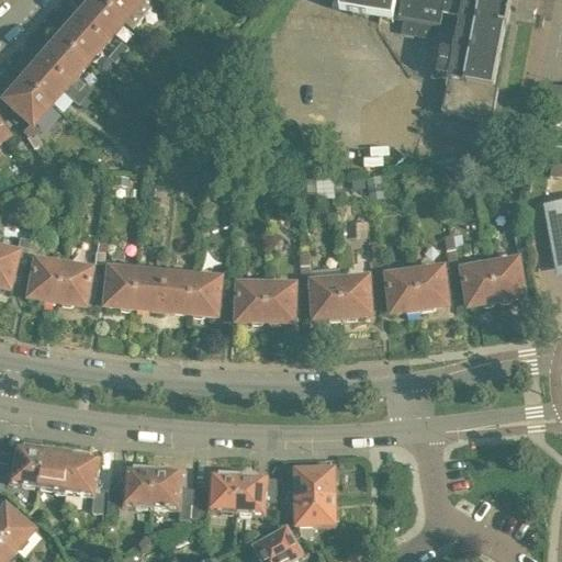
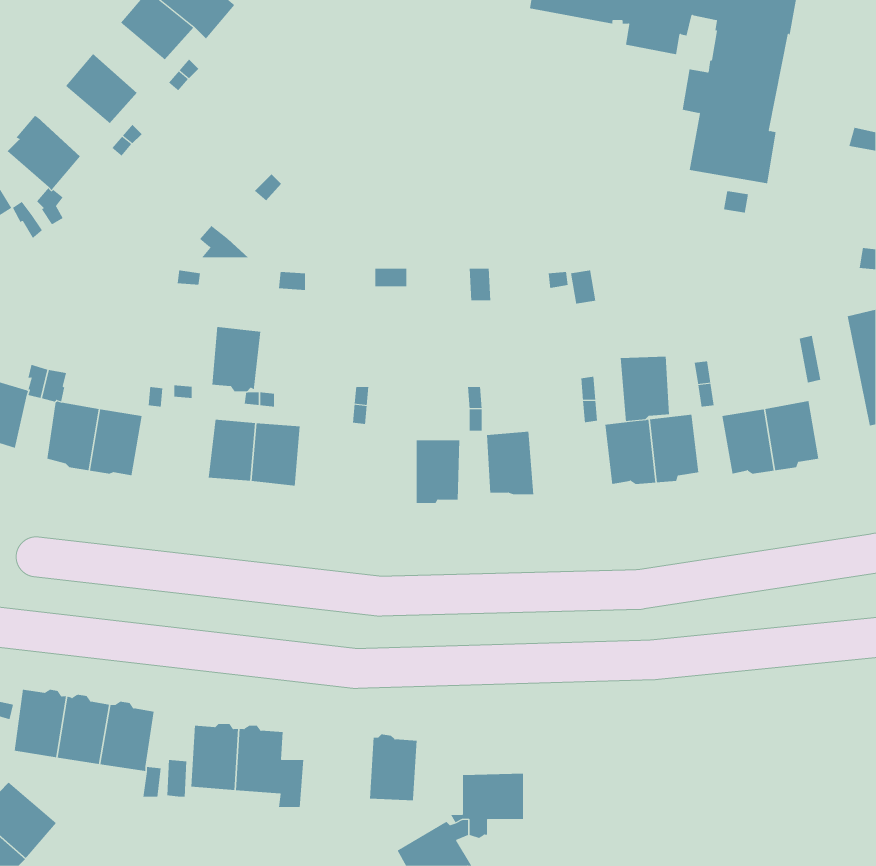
building: [59,14,105,59] -> none
building: [24,55,70,100] -> none
building: [105,265,137,306] -> [211,326,261,392]
building: [189,272,220,314] -> none
building: [338,274,370,316] -> [620,356,670,421]
building: [236,280,266,322] -> none
building: [294,465,335,495] -> none
building: [192,468,238,517] -> none

